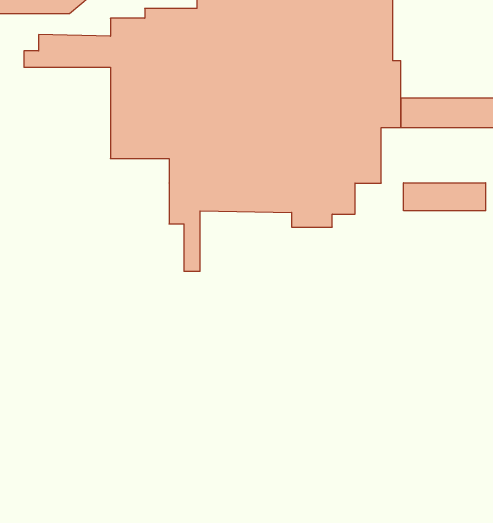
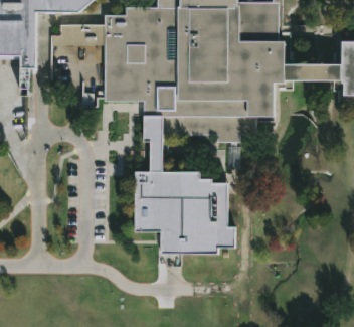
building: [404,183,486,211] -> none
building: none -> [135,170,234,255]

